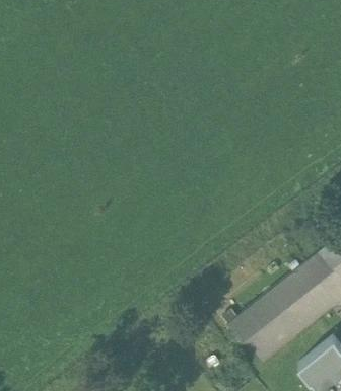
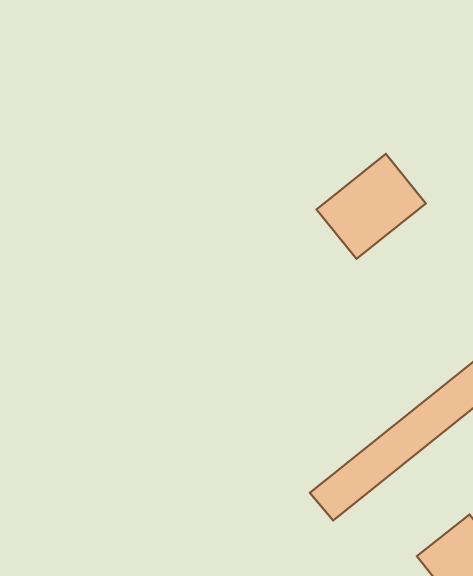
building: none -> [316,154,426,259]

